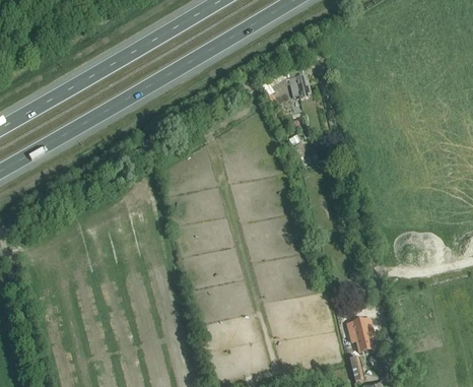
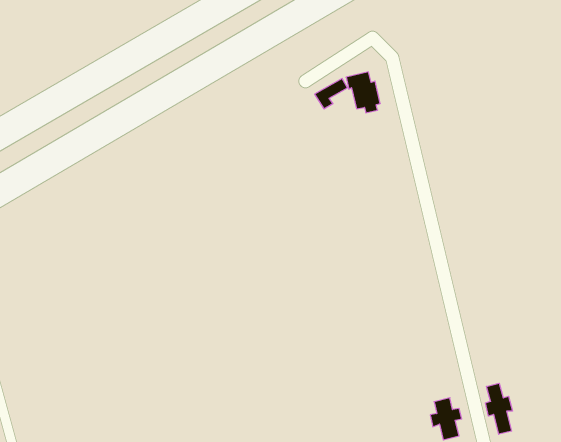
building: none -> [485,383,512,434]

